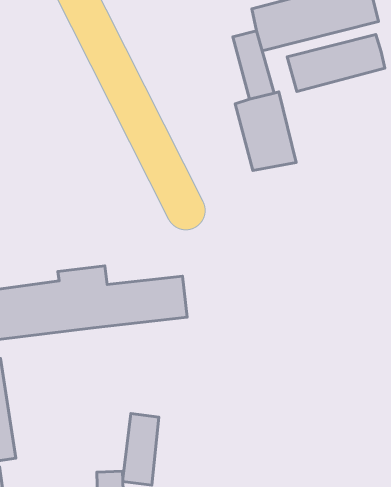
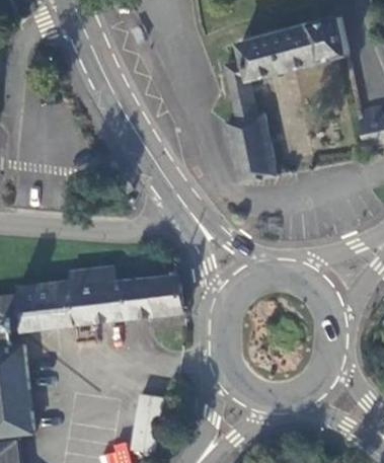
building: [287,34,385,91] -> none

